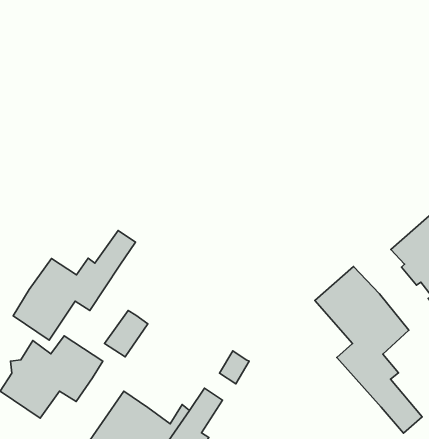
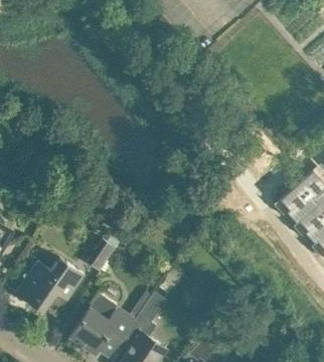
building: [13,230,135,340] -> none
building: [315,267,422,433] -> none

